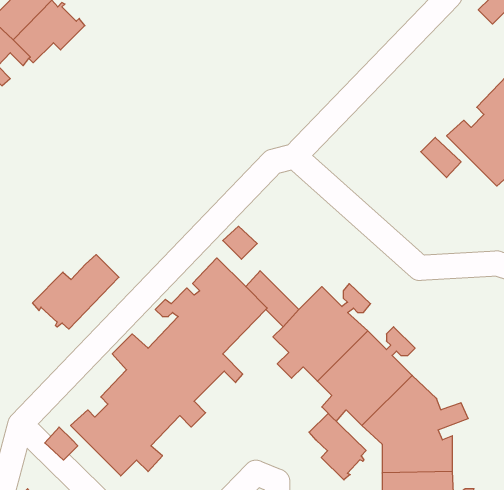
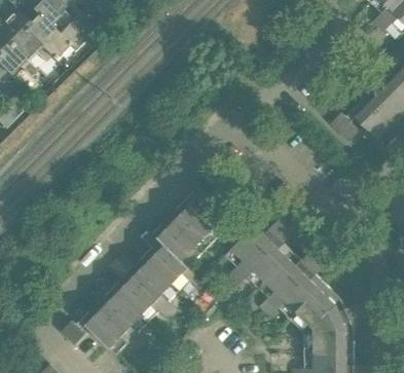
building: [33,255,119,329] -> none
building: [309,413,366,480] -> none

